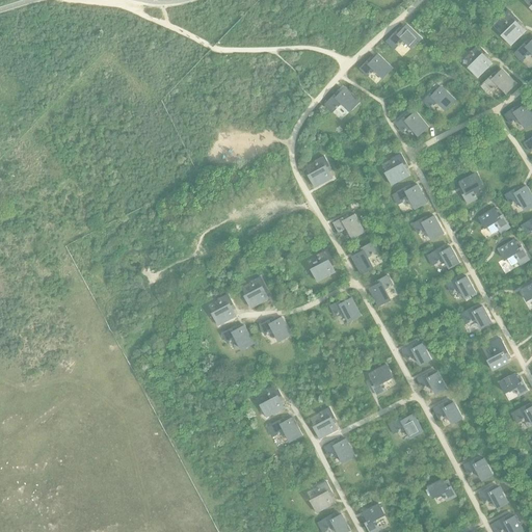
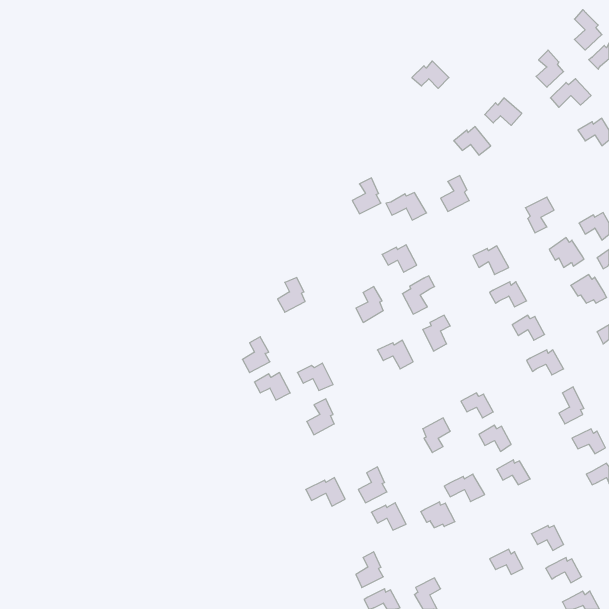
building: [384,24,420,48] -> none
building: [323,86,358,111] -> none
building: [391,184,426,208] -> [386,193,427,220]
building: [243,276,267,307] -> [278,278,305,312]
building: [259,384,283,416] -> [307,399,334,435]
building: none -> [421,502,455,528]

